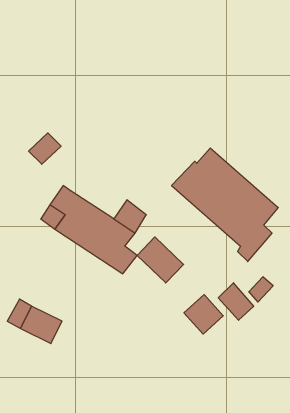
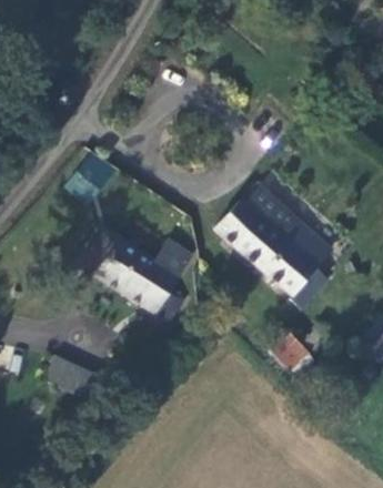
building: [137,237,184,283] -> none
building: [184,295,223,334] -> none

